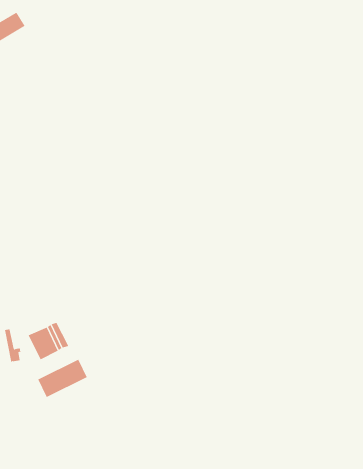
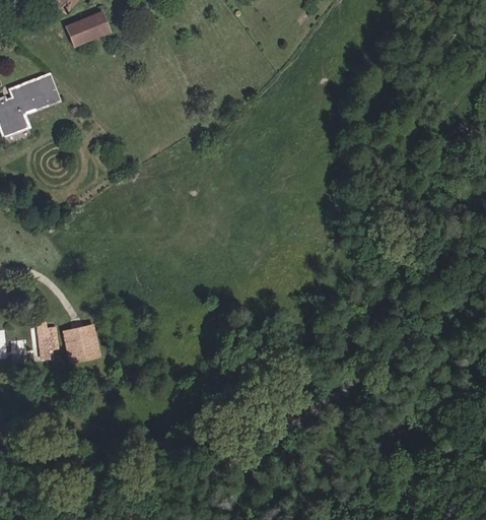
building: [38,359,87,398] -> none

